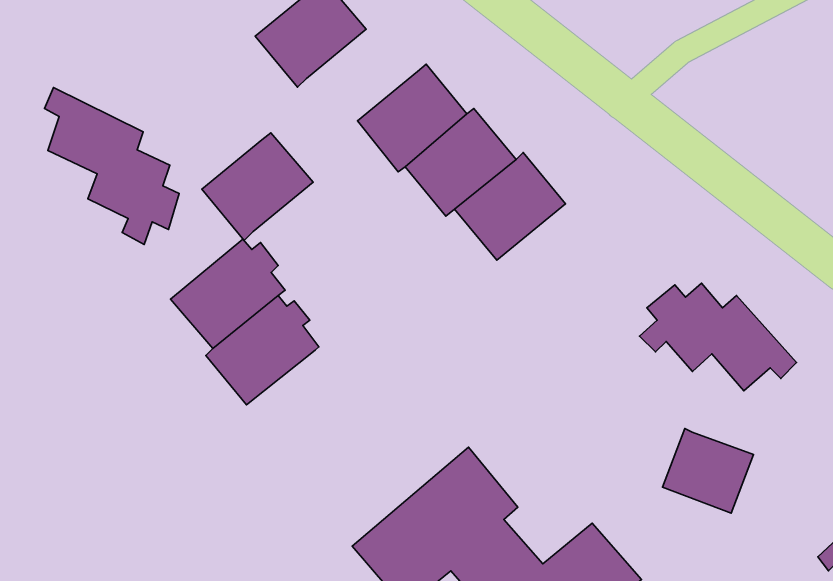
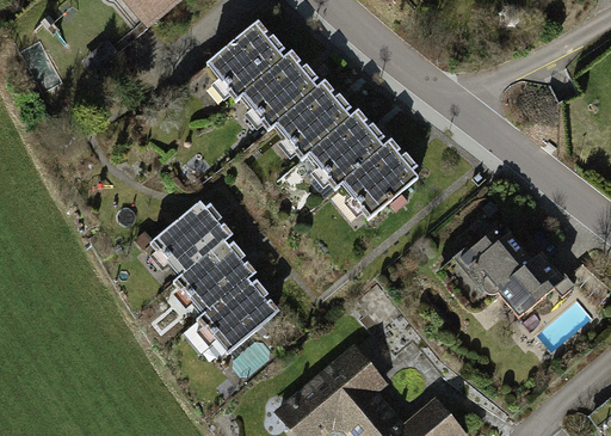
building: [45,87,179,245] -> none
building: [202,133,313,240] -> [242,55,317,128]
building: none -> [199,277,276,351]
building: [662,428,754,513] -> none

